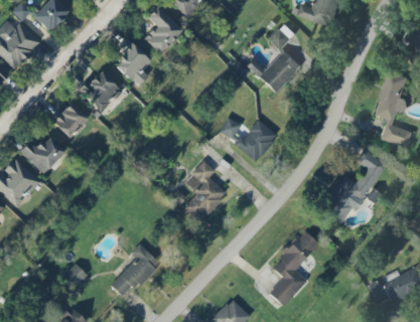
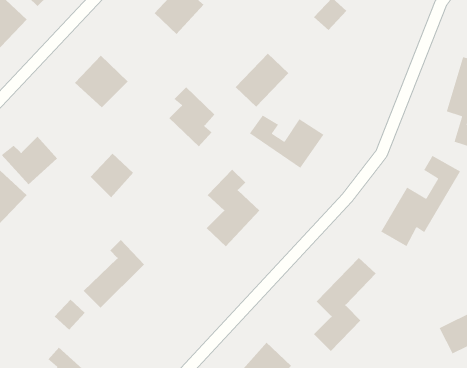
building: [114,38,151,87] -> [168,87,215,147]
building: [259,49,302,93] -> [235,53,289,107]
building: [52,102,88,138] -> [90,153,134,198]
building: [110,243,159,298] -> [83,239,145,309]

